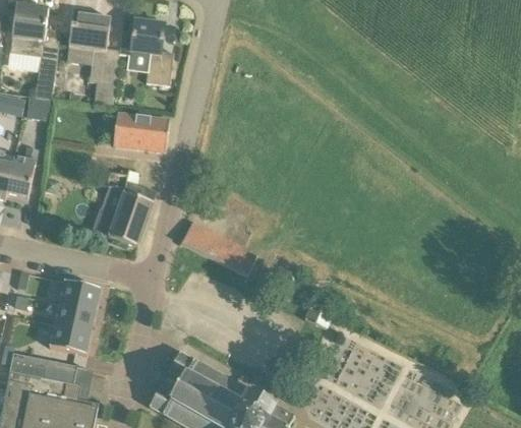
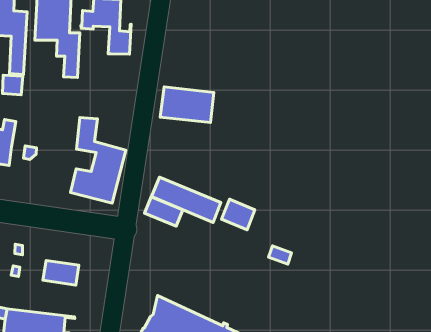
building: [111,110,172,152] -> [160,87,214,122]
building: none -> [144,197,183,226]
building: none -> [221,199,255,230]
building: [60,282,100,311] -> none
building: [50,324,91,354] -> none

